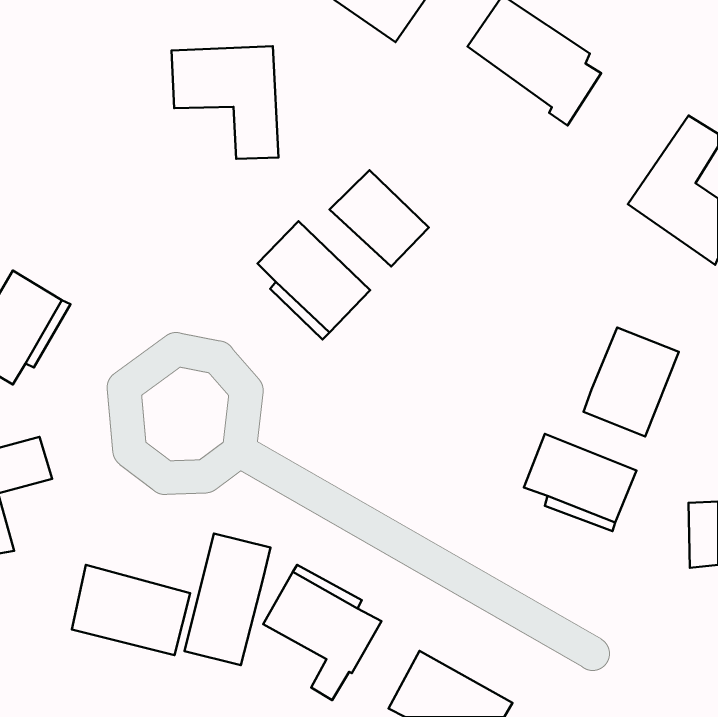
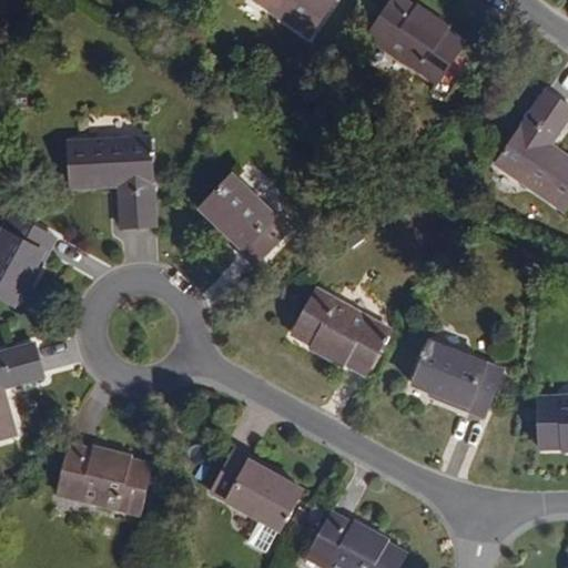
building: [171,46,278,159] -> [72,138,156,226]
building: [329,170,429,267] -> none
building: [583,327,679,436] -> none
building: none -> [291,288,388,374]
building: [185,534,270,665] -> none

